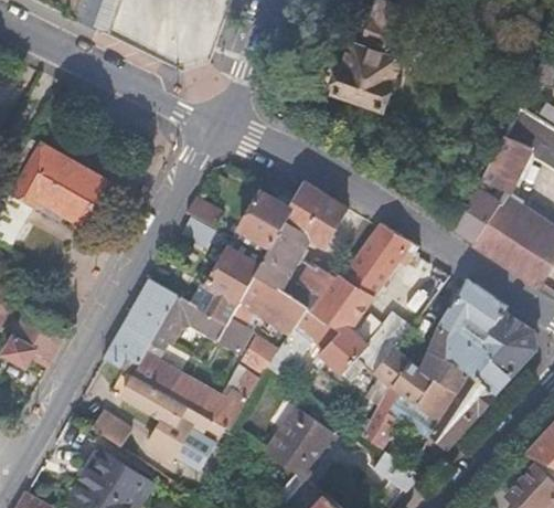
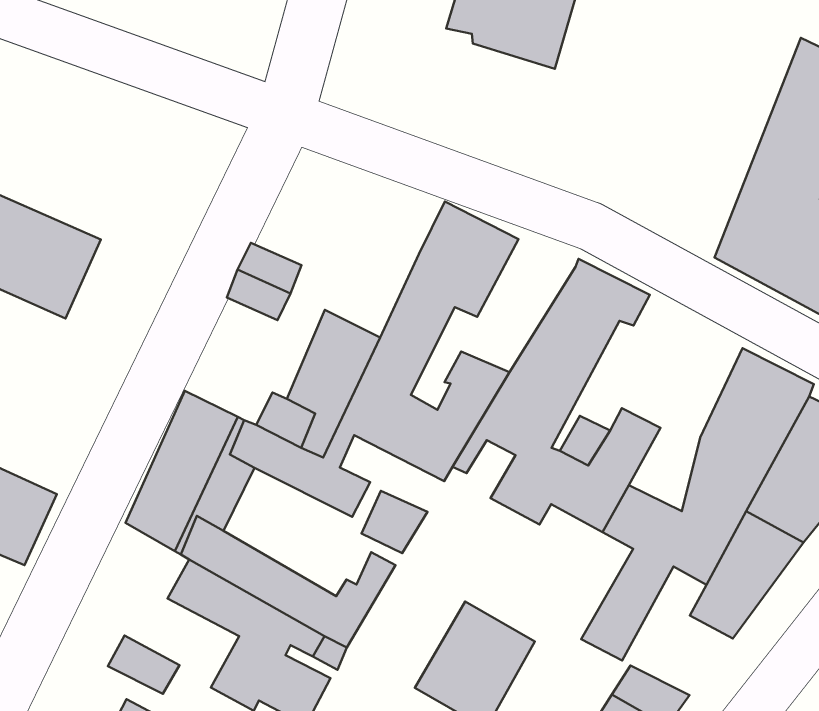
building: [233,193,289,255] -> none

